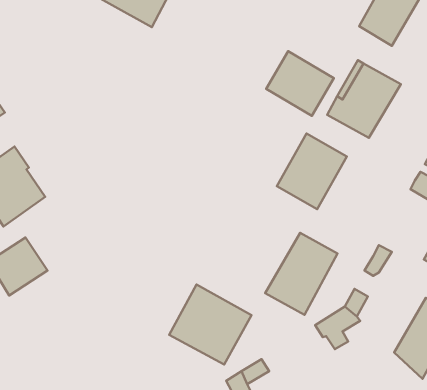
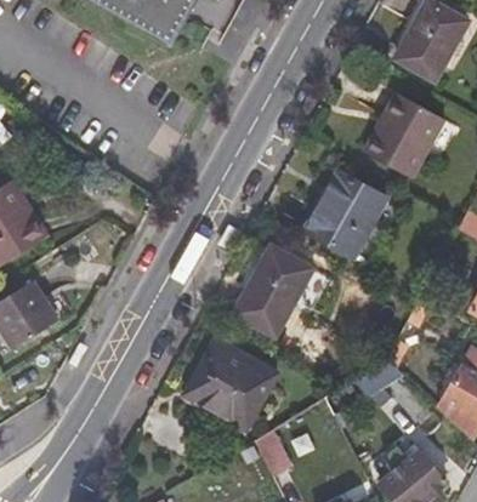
building: [266,51,334,116] -> none
building: [265,233,337,315] -> [234,241,314,332]

